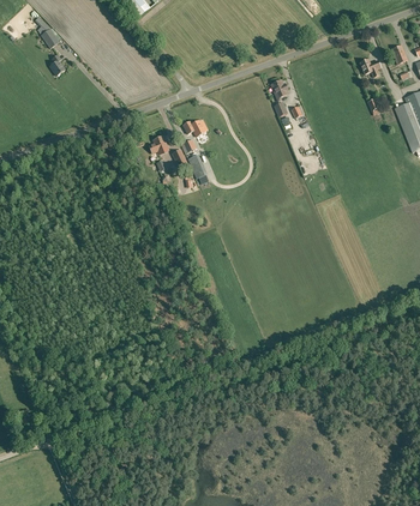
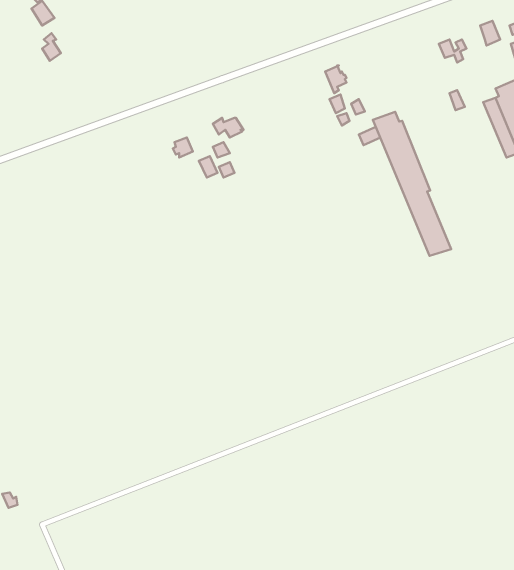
building: none -> [373,112,451,256]

